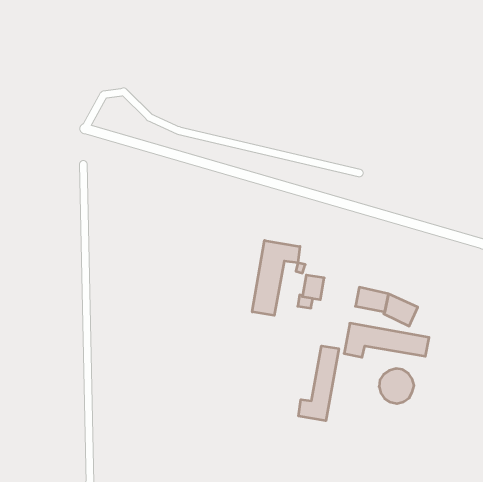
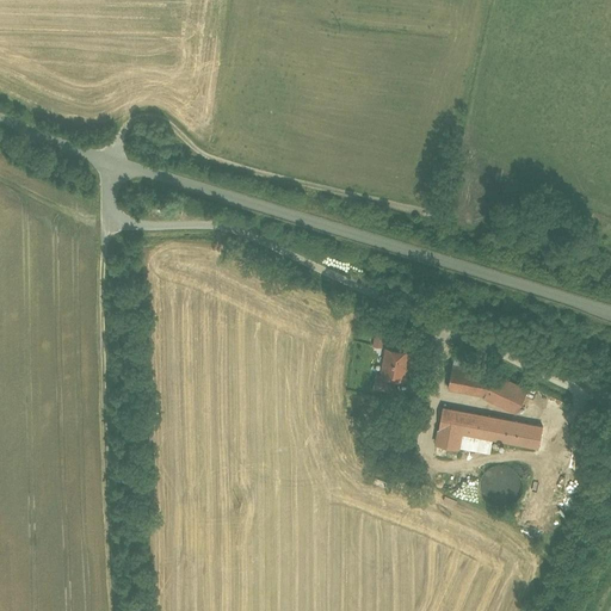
building: [252,240,300,315] -> none
building: [299,346,339,421] -> none

